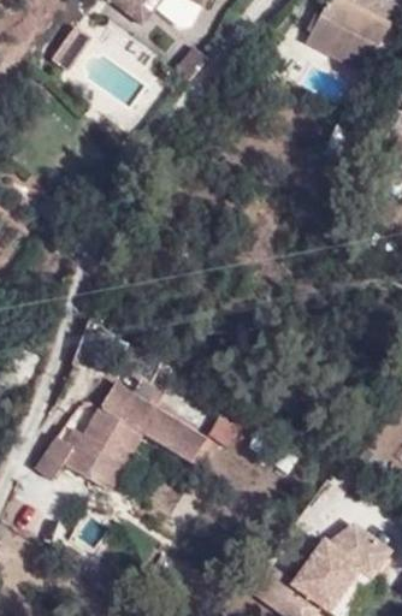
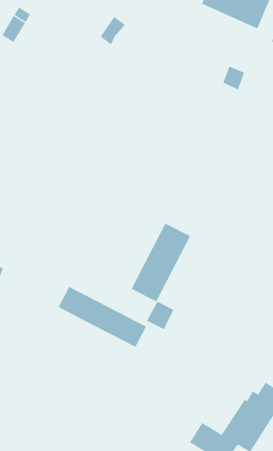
building: none -> [131,223,191,302]
building: [46,405,143,481] -> none

